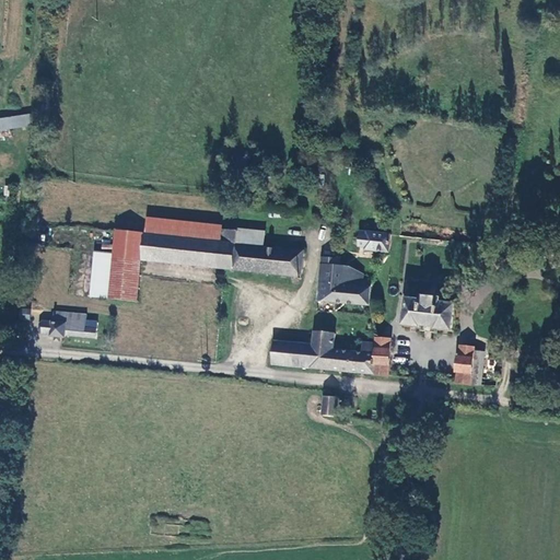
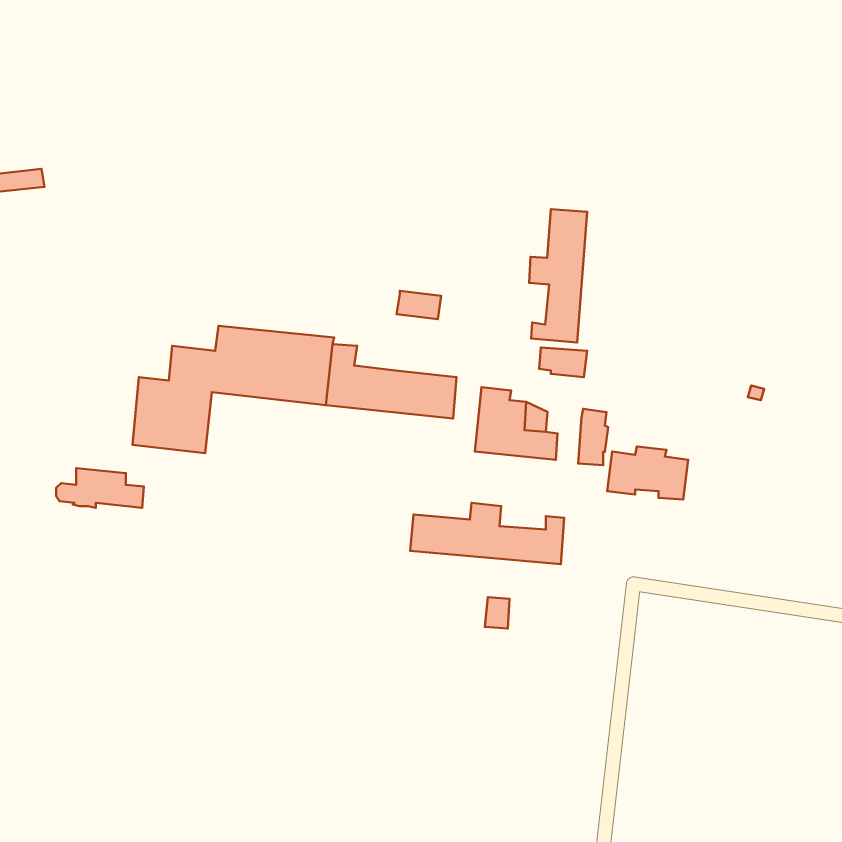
building: none -> [529,209,587,343]
building: [234,226,264,245] -> [397,291,441,319]
building: [371,337,390,374] -> [578,409,608,465]
building: [454,345,481,384] -> none

